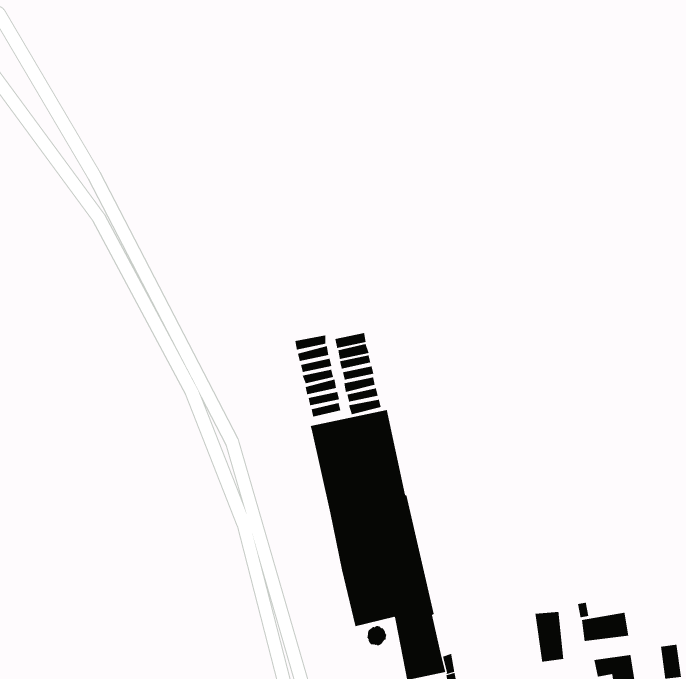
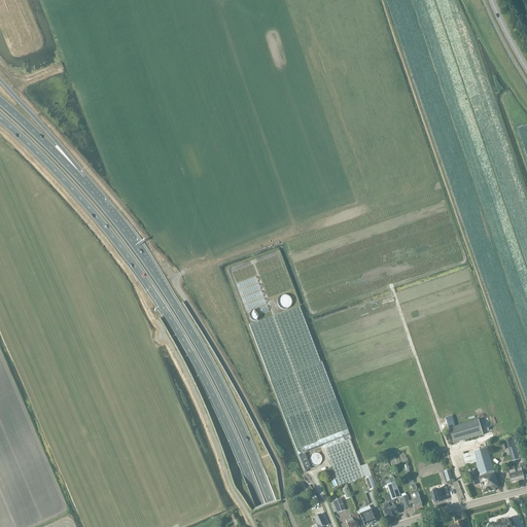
building: [535,611,564,662] -> none

